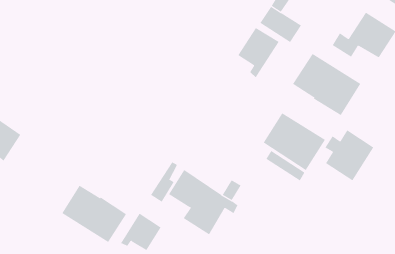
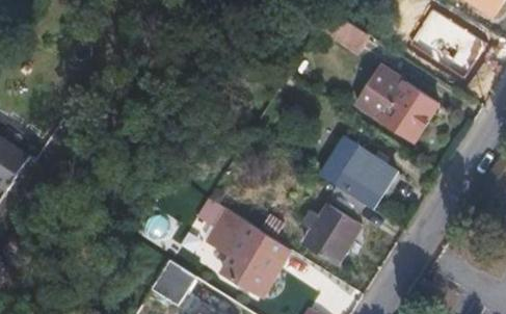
building: [238,27,279,78] -> none
building: [324,130,374,181] -> [302,203,363,265]
building: [62,185,127,243] -> none

